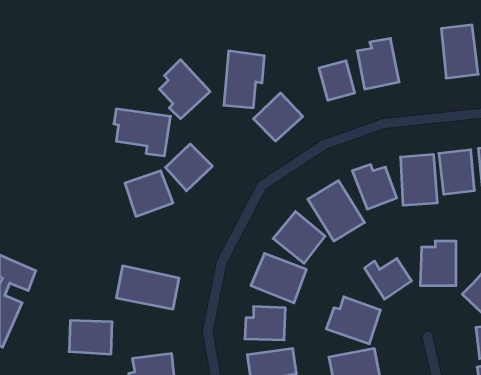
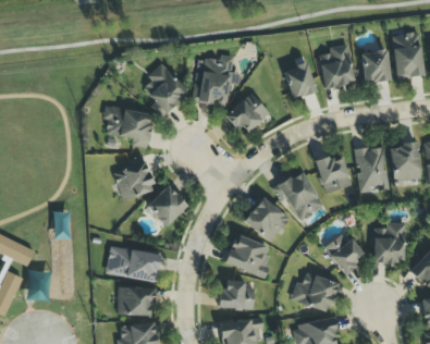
building: none -> [363,51,390,82]
building: [165,144,212,191] -> [147,186,188,228]
building: [69,321,112,354] -> [116,287,155,317]

